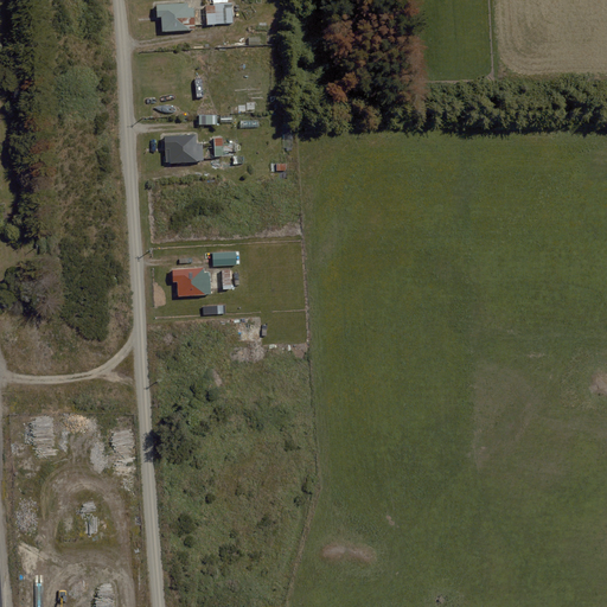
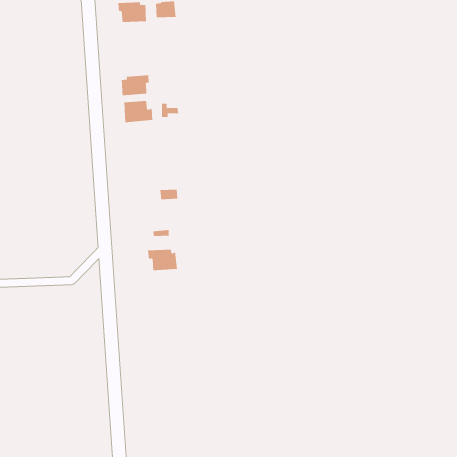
building: none -> [121,75,149,96]
building: [171,267,211,295] -> [147,249,178,271]

